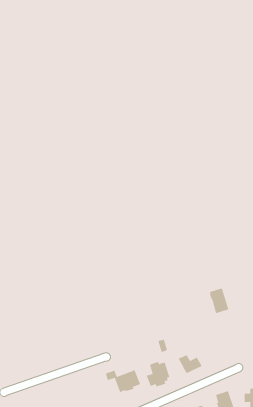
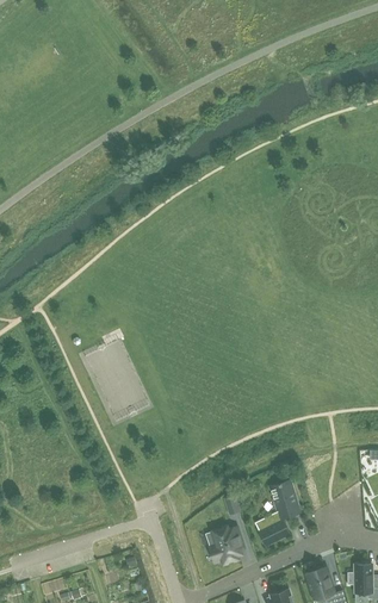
building: [209,288,229,314] -> [271,480,299,517]
building: [105,370,141,393] -> none

